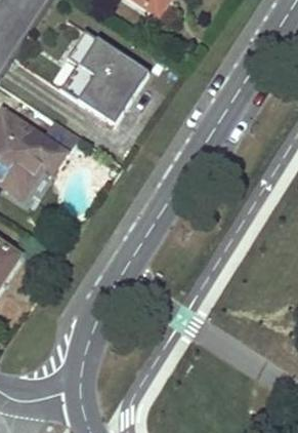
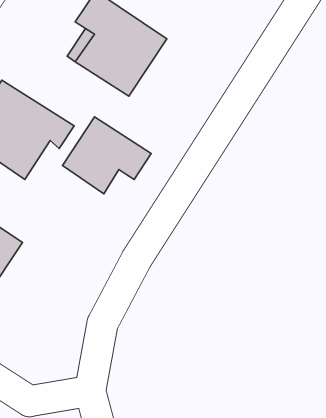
building: none -> [62,117,151,194]

